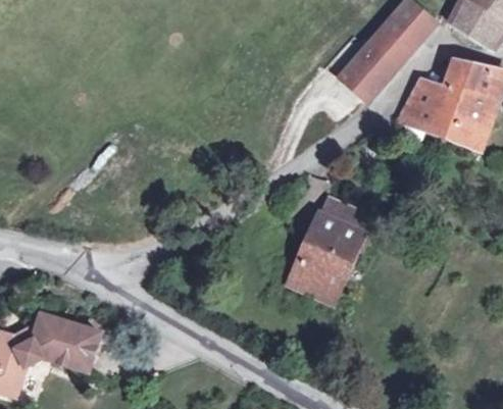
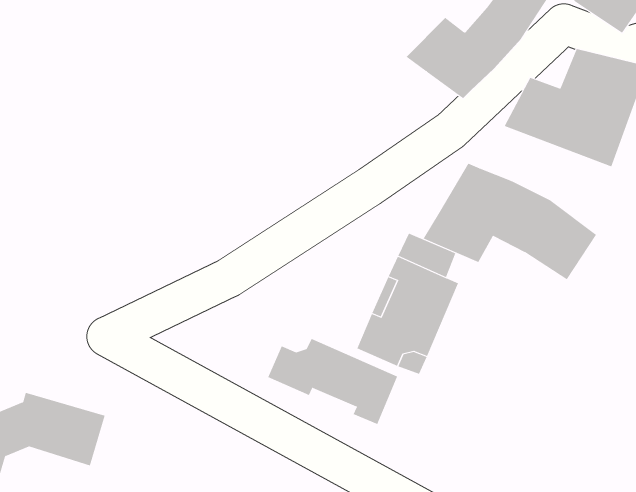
building: none -> [423,163,597,280]
building: none -> [268,338,398,425]

